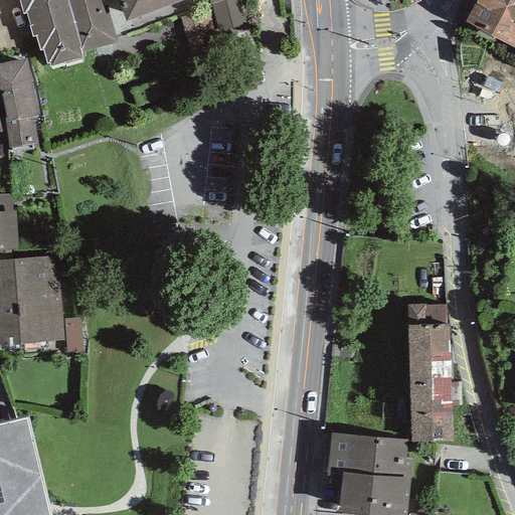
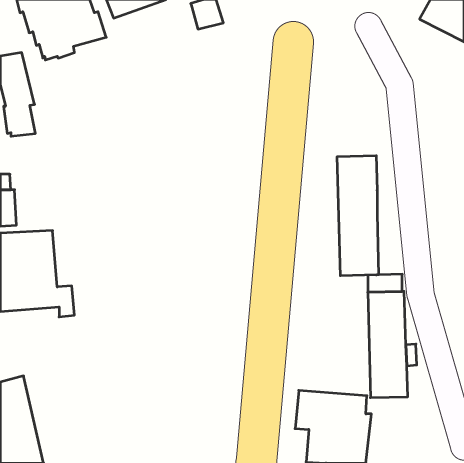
building: none -> [337,156,378,276]

